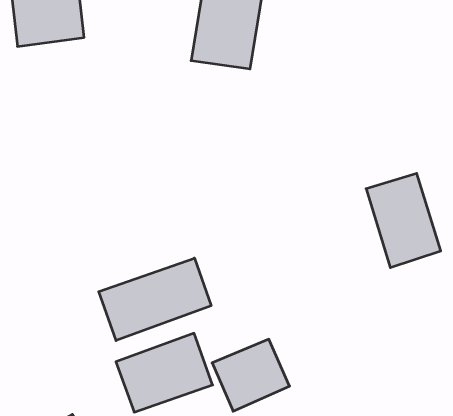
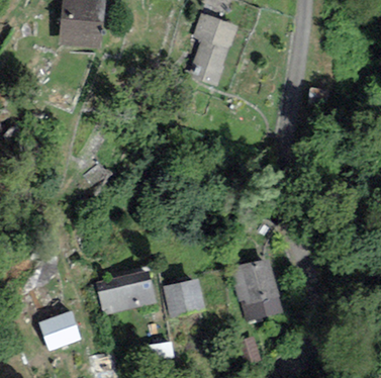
building: [366,173,441,268] -> [224,253,269,314]
building: [99,258,211,341] -> none

